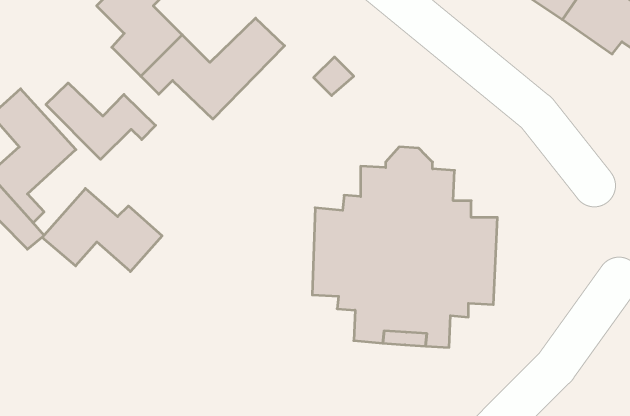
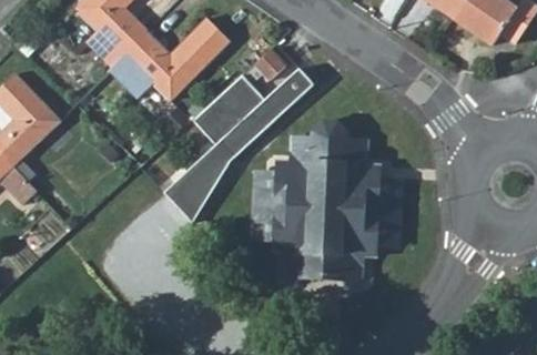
building: none -> [163,68,314,223]
building: [46,83,156,159] -> none
building: [42,188,162,272] -> none

